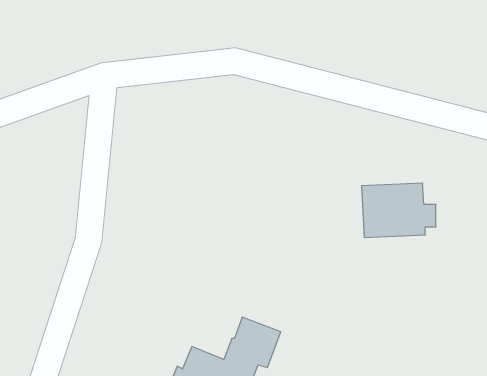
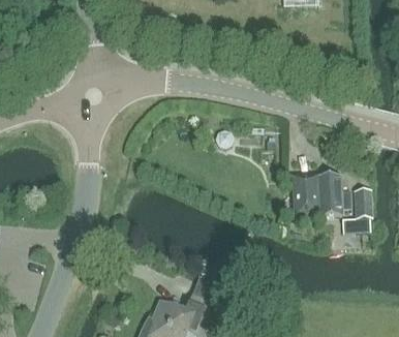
building: none -> [341,190,370,232]

